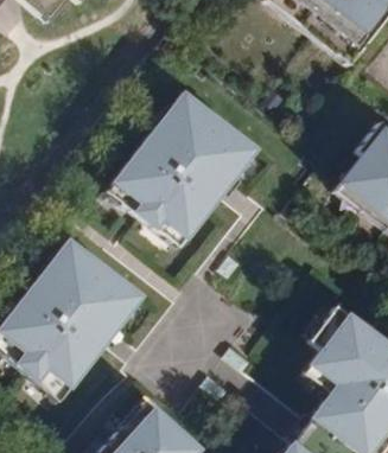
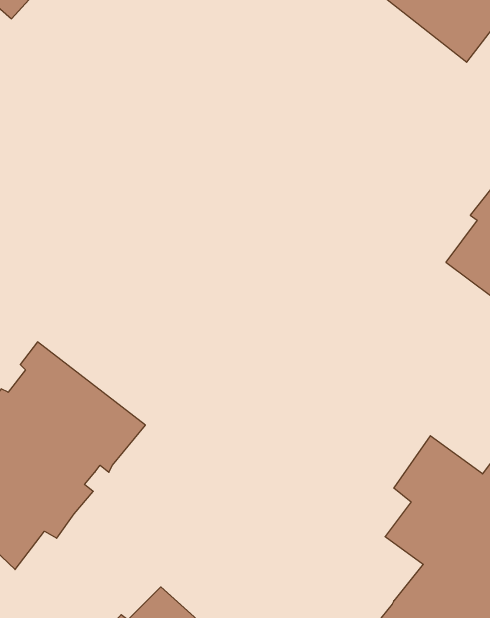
building: [113,100,259,251] -> none

